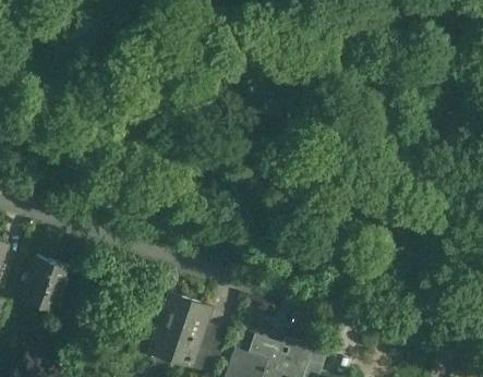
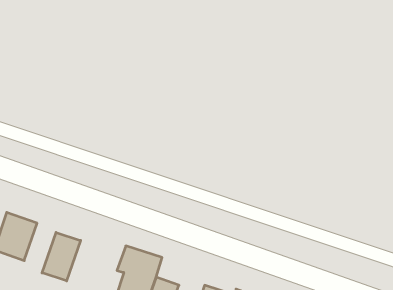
building: none -> [42,232,81,281]

